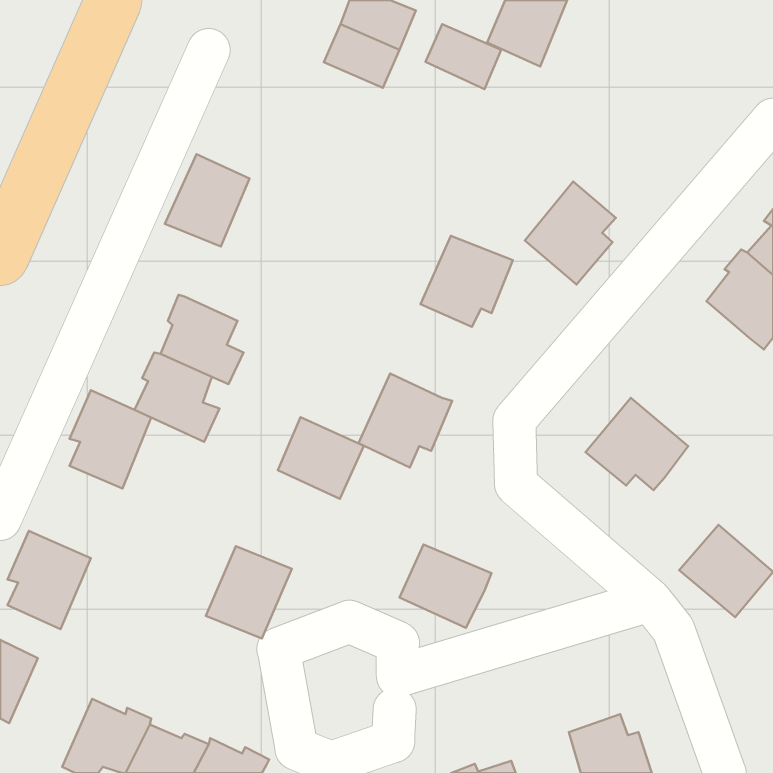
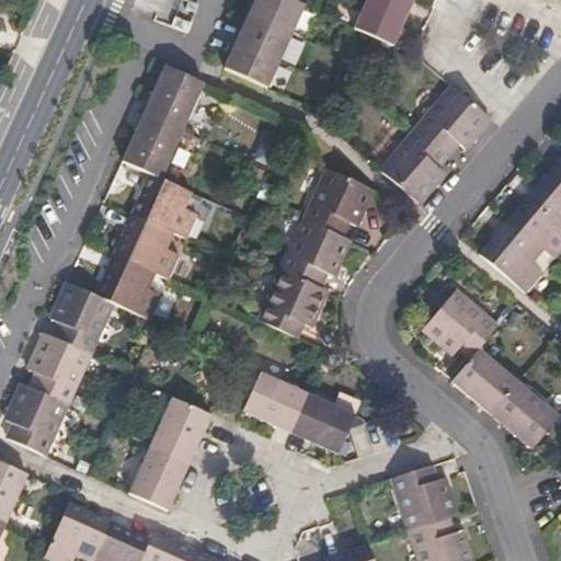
building: [425,24,501,89] -> [222,45,277,92]
building: none -> [142,66,201,129]
building: none -> [415,89,490,158]
building: none -> [134,173,194,238]
building: none -> [483,215,542,288]
building: none -> [283,220,351,288]
building: [278,417,364,499] -> [244,374,307,433]
building: none -> [27,334,89,404]
building: none -> [453,346,520,413]
building: none -> [128,446,190,512]
building: none -> [396,466,458,530]

